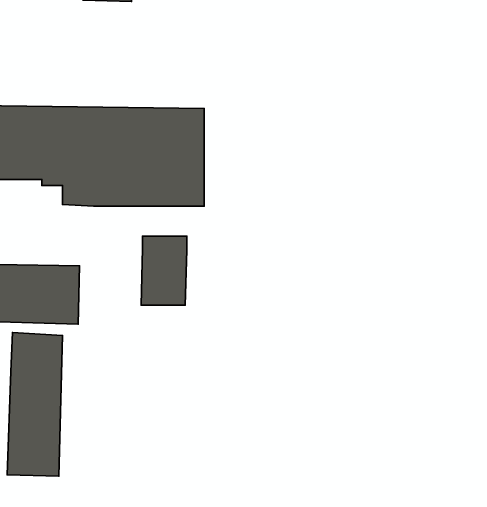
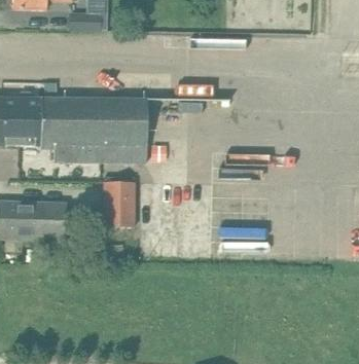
building: [7,332,62,476] -> none

